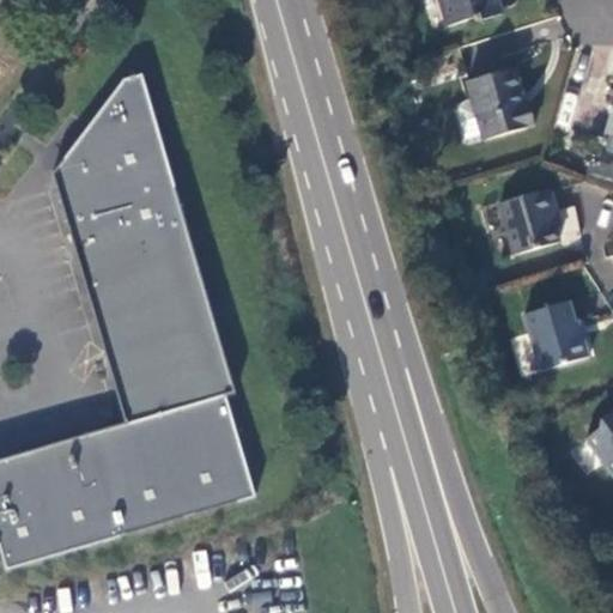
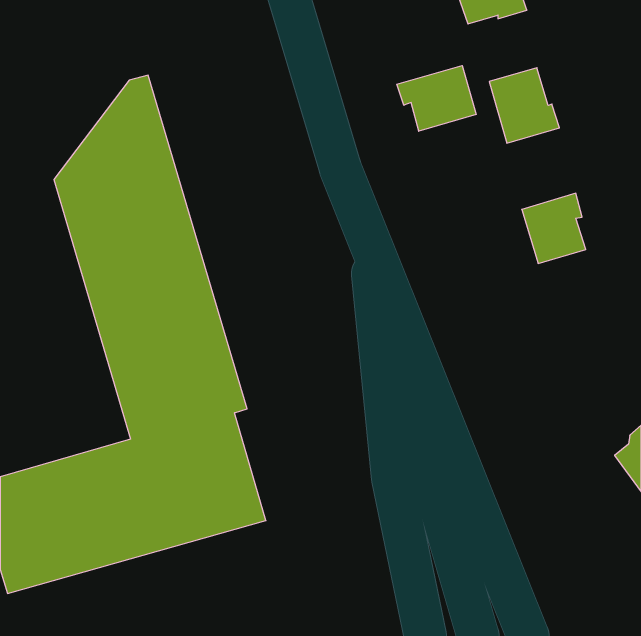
building: none -> [397,66,476,131]
building: [523,297,589,368] -> none

